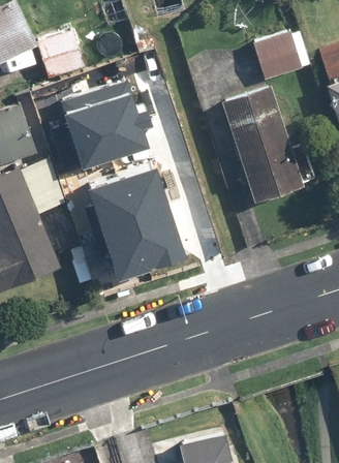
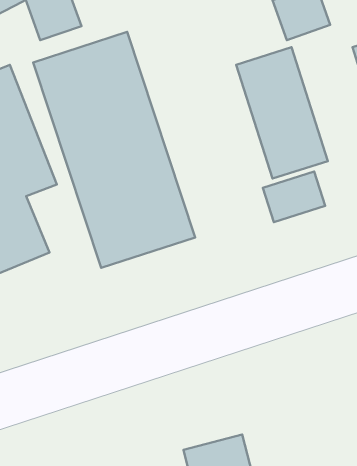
building: none -> [263,172,325,222]

